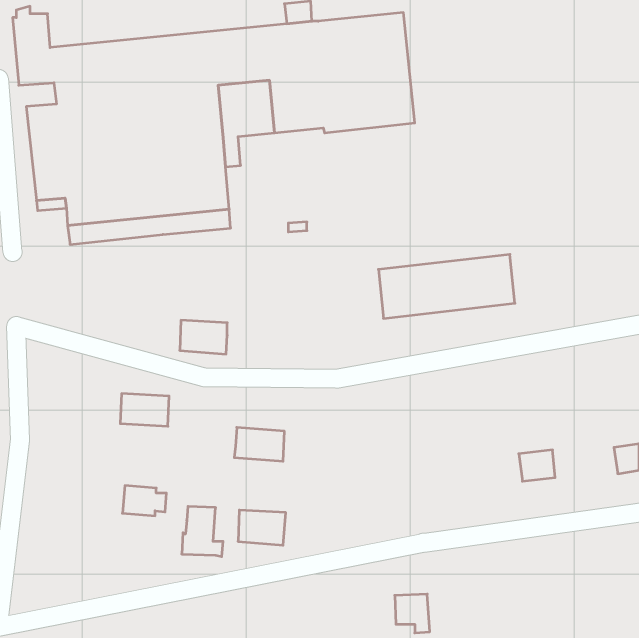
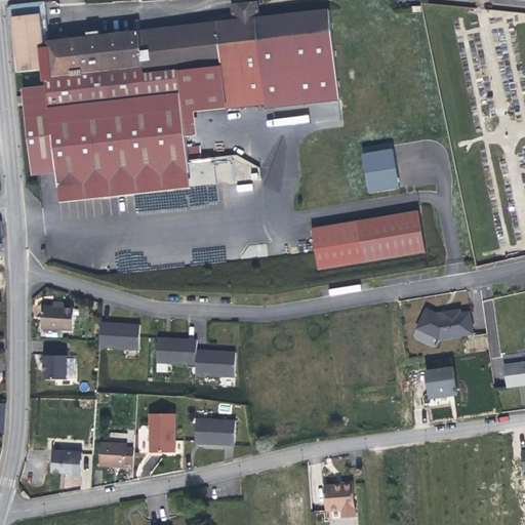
building: none -> [362,140,400,193]
building: [180,320,227,354] -> [155,337,194,365]
building: none -> [40,300,74,329]
building: none -> [416,309,471,338]
building: none -> [42,355,65,380]
building: [122,486,166,516] -> [96,441,132,466]
building: none -> [50,450,80,475]

